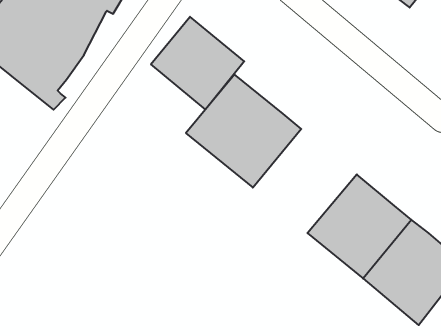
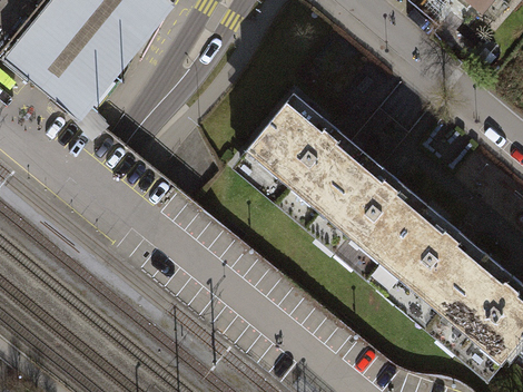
building: [151,17,244,110] -> none
building: none -> [312,154,426,268]

